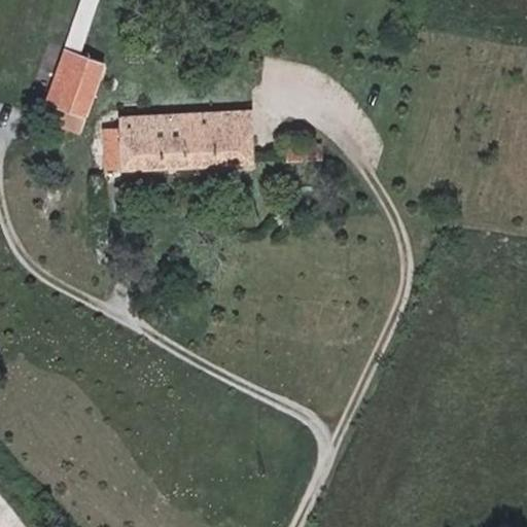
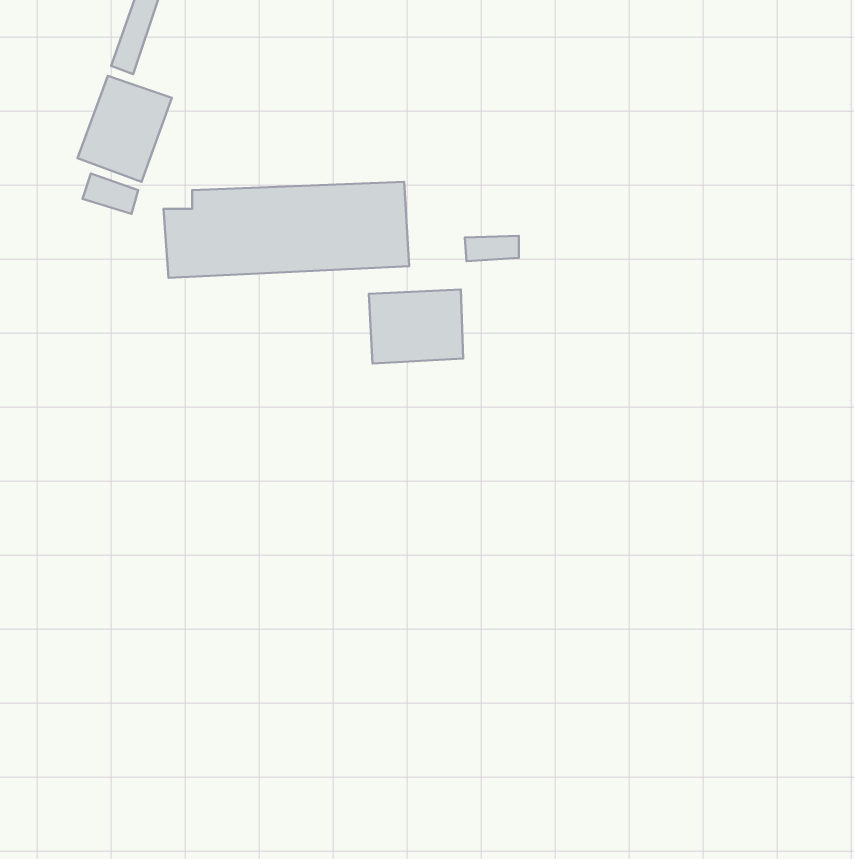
building: none -> [369,289,463,363]

